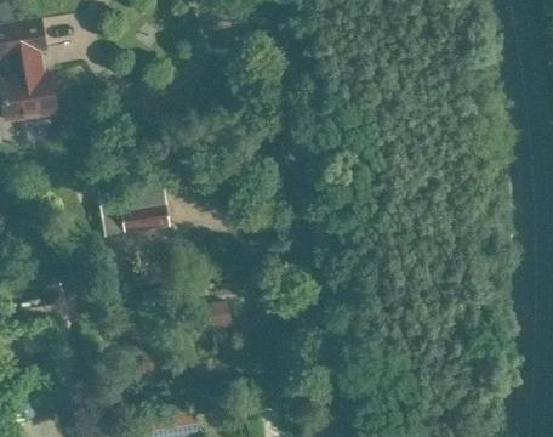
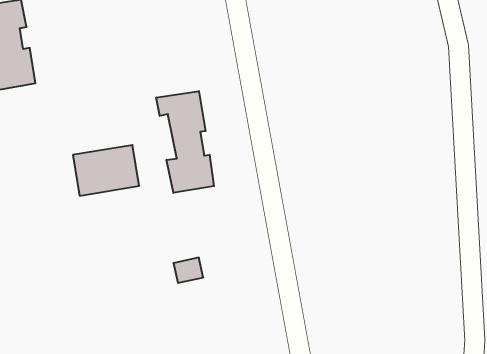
building: none -> [156,91,214,193]

